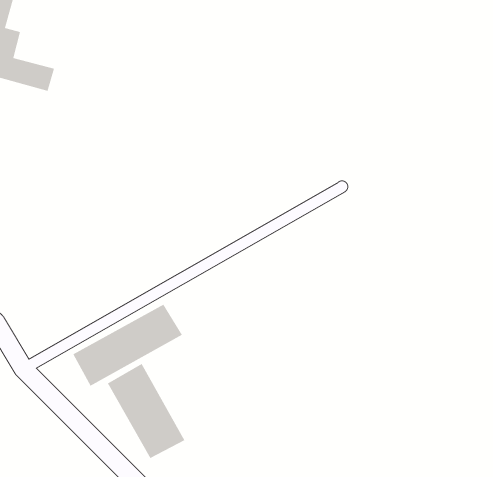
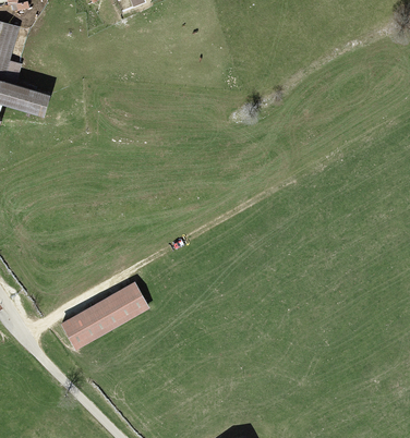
building: [107,363,185,459] -> none

